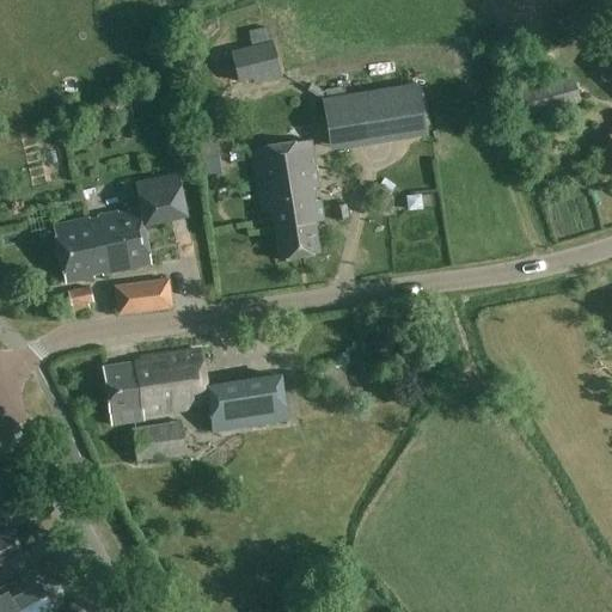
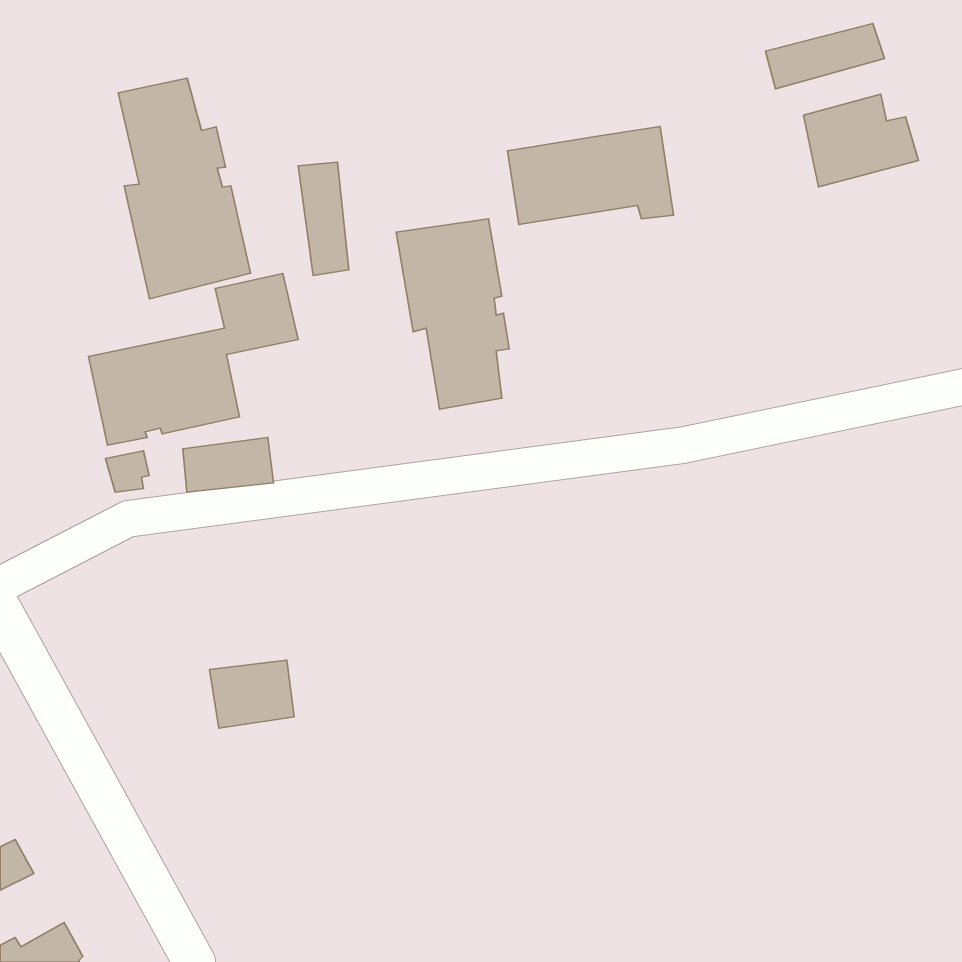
building: none -> [765,23,884,89]
building: [231,25,281,84] -> none
building: none -> [118,78,251,299]
building: [104,349,288,432] -> none

